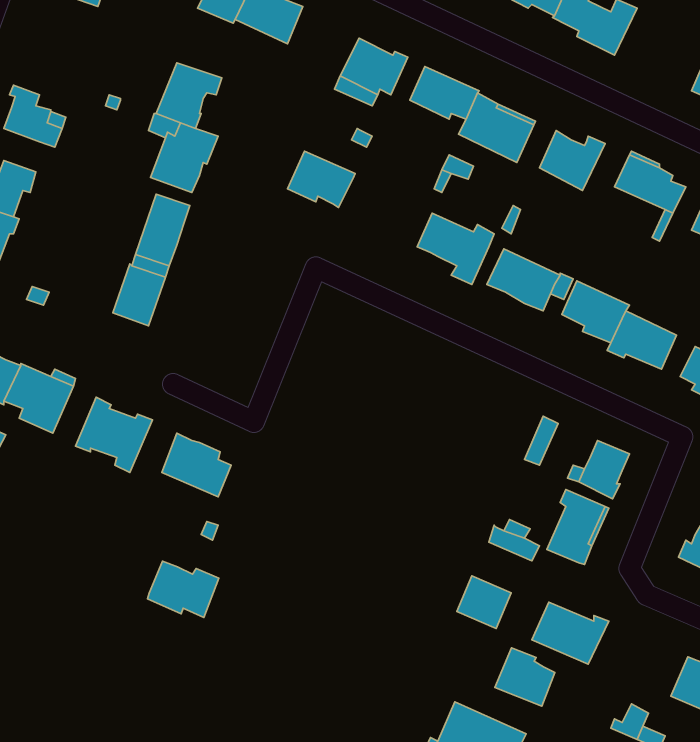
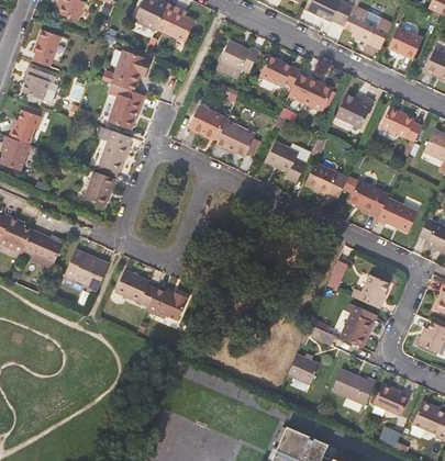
building: none -> [389,26,423,58]
building: none -> [33,30,60,67]
building: none -> [215,121,256,155]
building: [147,561,219,617] -> [147,289,189,322]
building: [495,648,555,706] -> [372,384,408,418]

